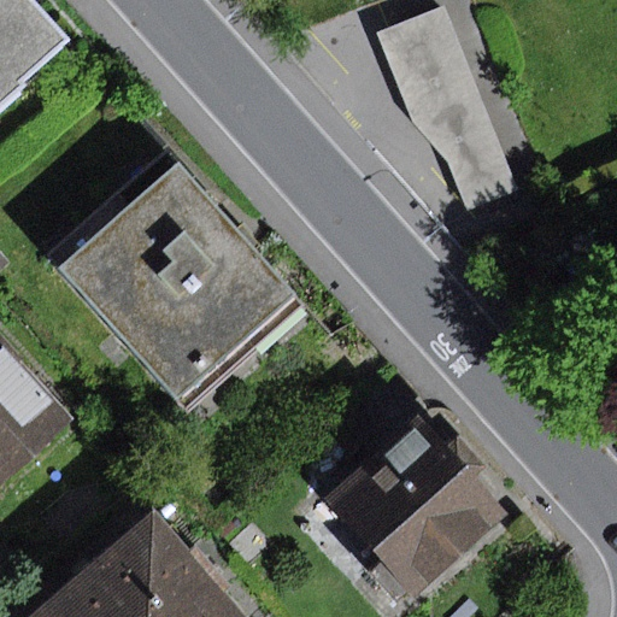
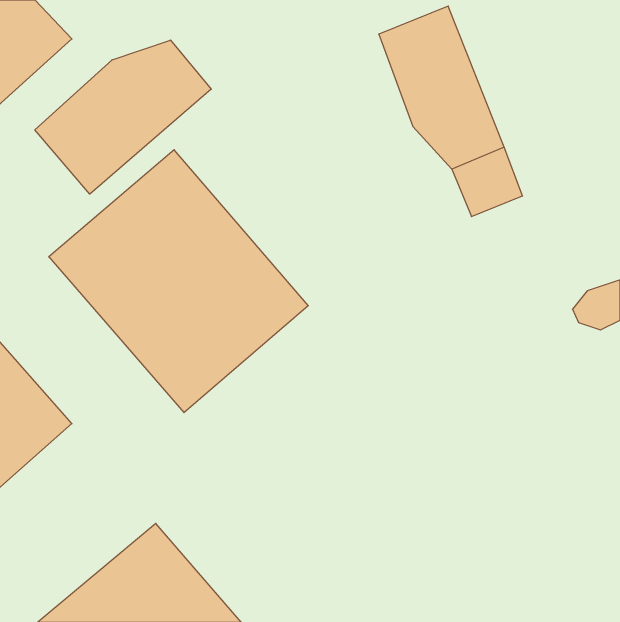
building: none -> [35,40,211,194]
building: [324,415,507,610] -> none

